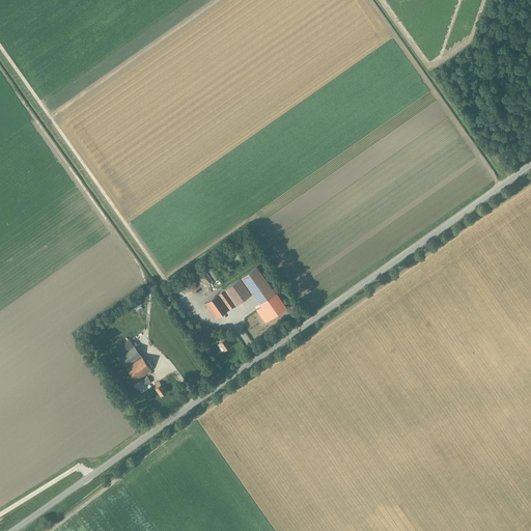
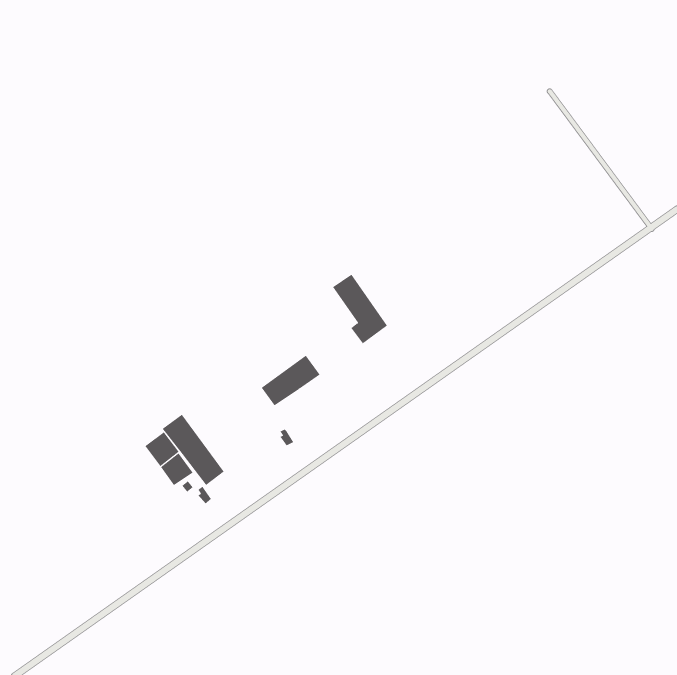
building: [242,268,285,323] -> [332,274,388,344]
building: none -> [162,414,224,486]

